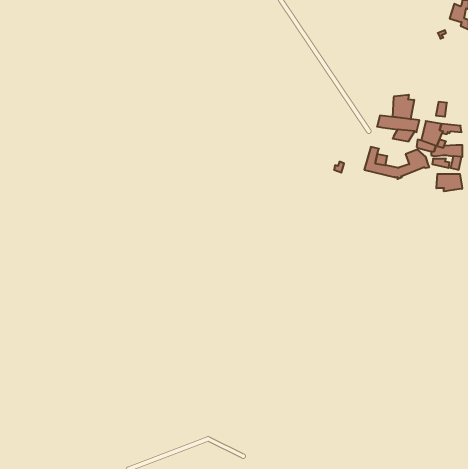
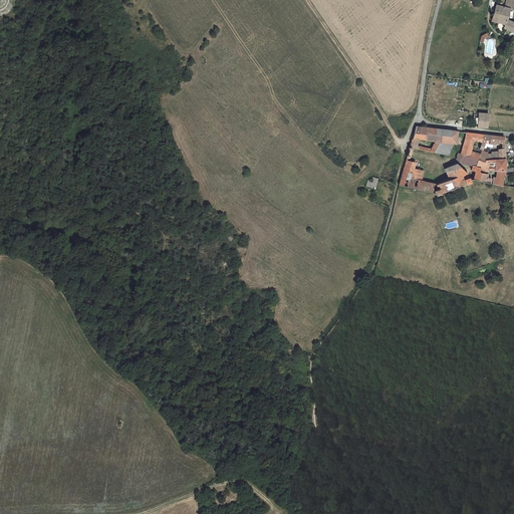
building: [393,95,414,119] -> none
building: [436,174,462,191] -> none

